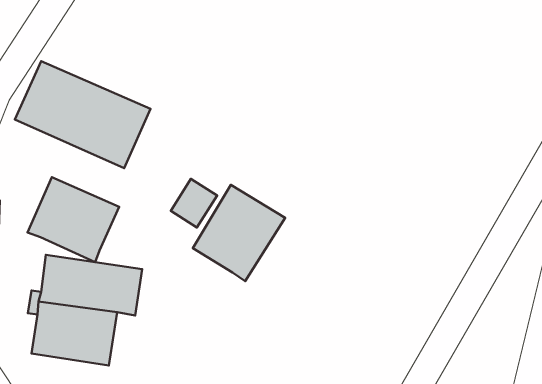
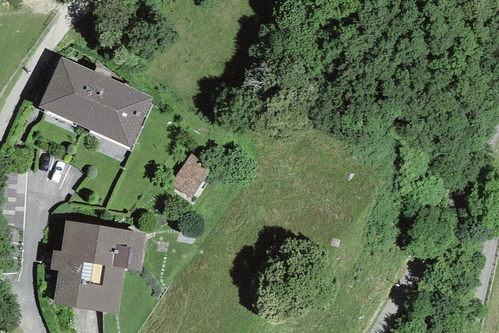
building: [28,177,119,262] -> none
building: [193,185,285,281] -> none

